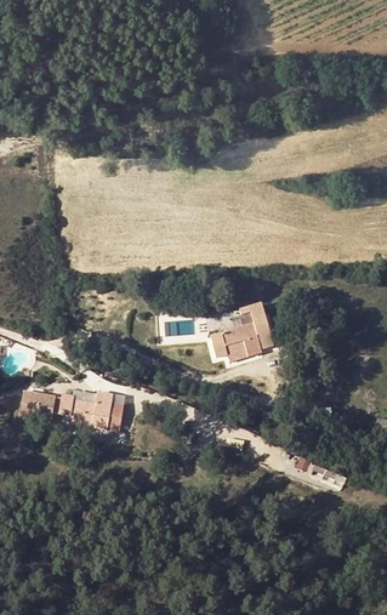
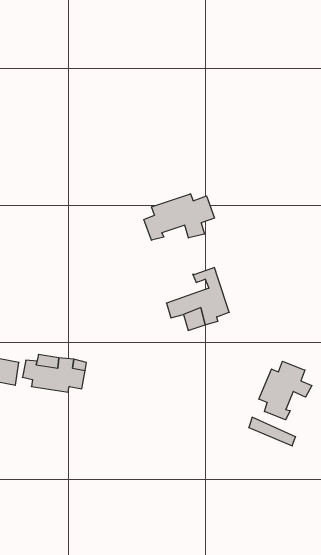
building: none -> [144,194,214,240]
building: none -> [259,361,312,420]

